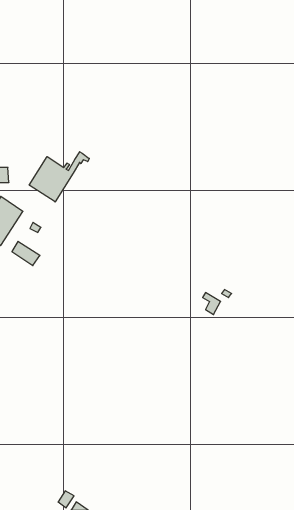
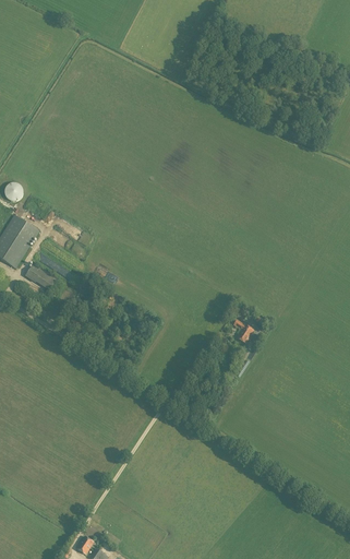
building: [29,152,89,202] -> none

